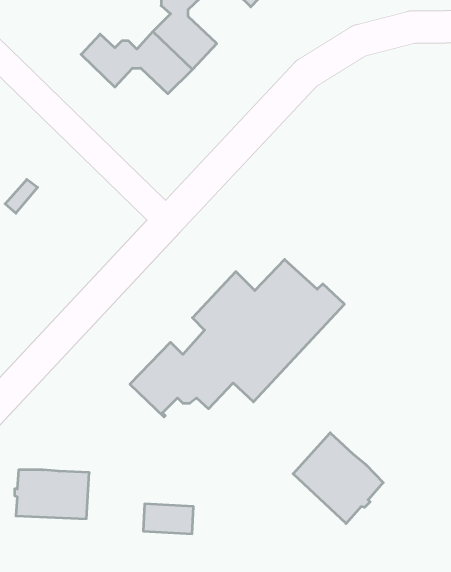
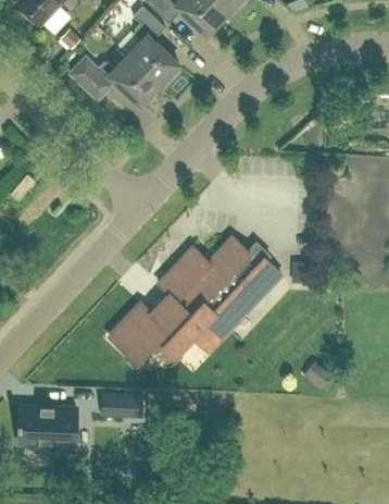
building: [293,433,383,524] -> none
building: [143,504,193,534] -> [102,394,142,418]

